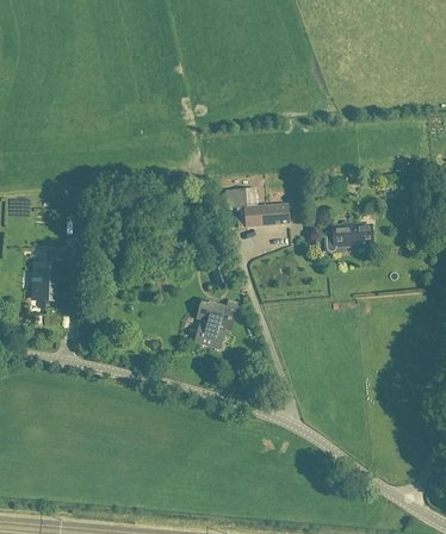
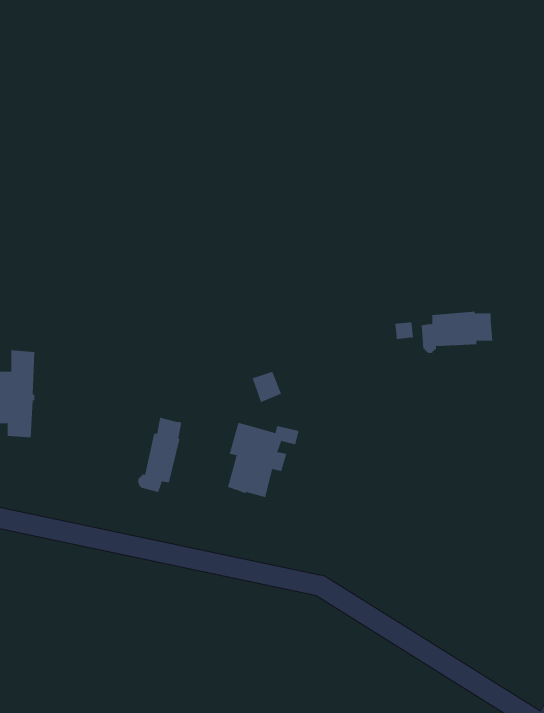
building: [224,188,289,228] -> none
building: none -> [137,417,182,493]

